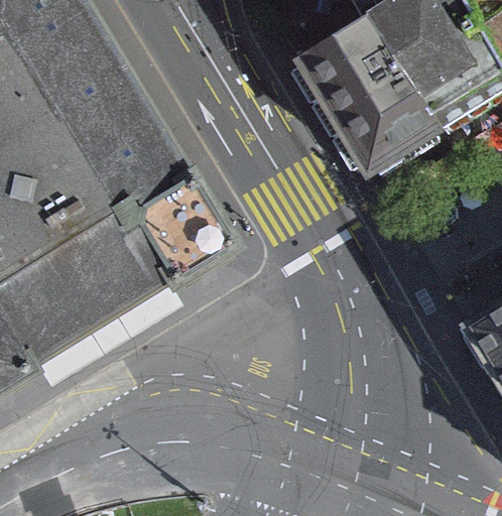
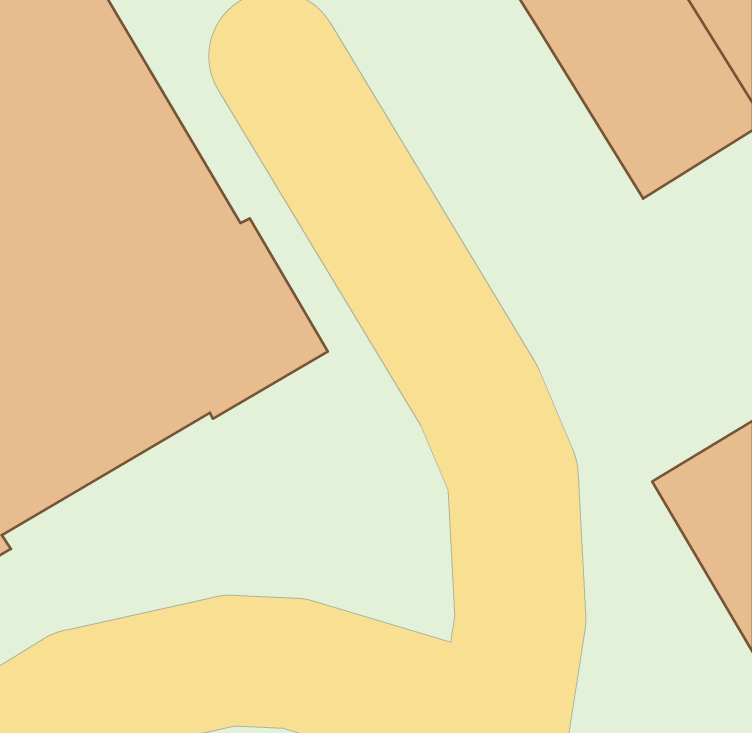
building: [288,25,426,181] -> none

